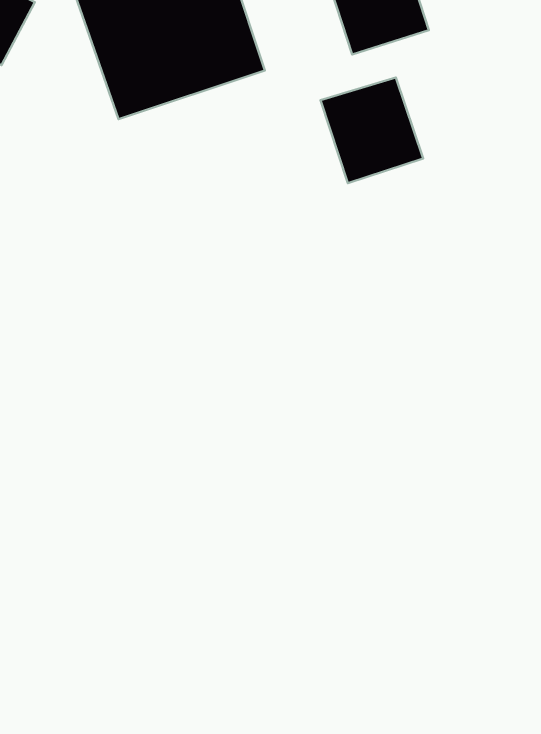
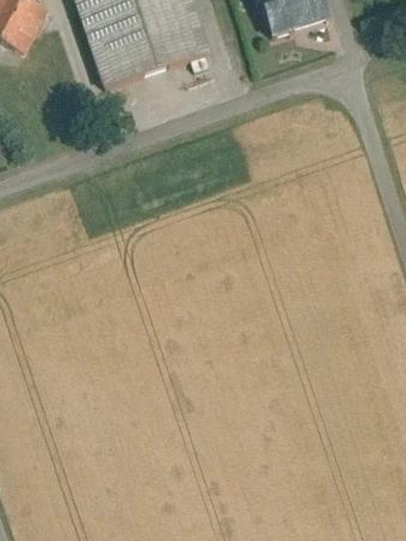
building: [321,77,423,183] -> none

